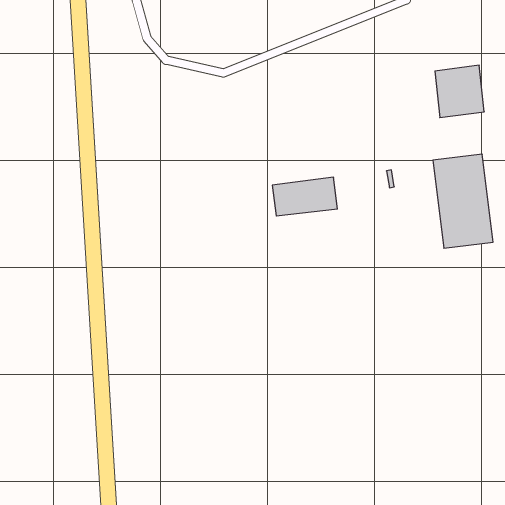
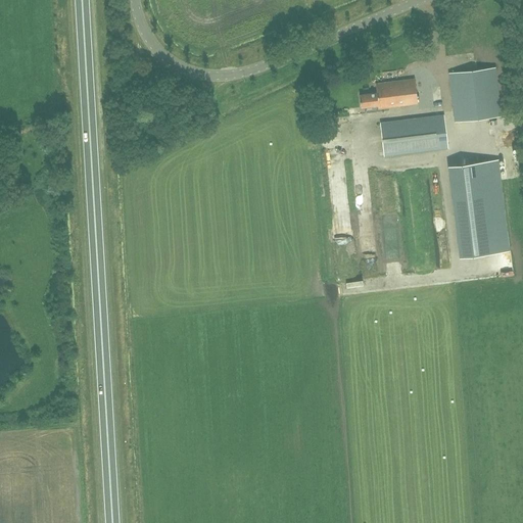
building: none -> [360,80,418,108]
building: [272,177,337,216] -> [381,115,448,155]

